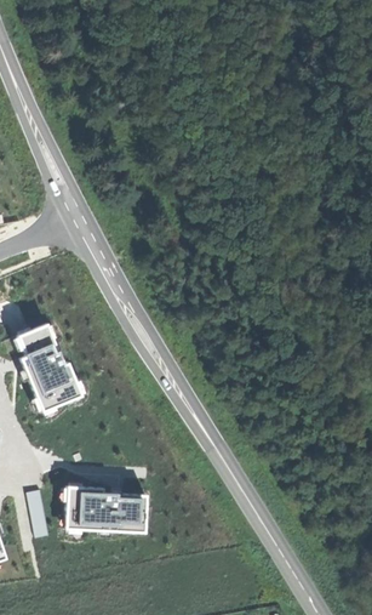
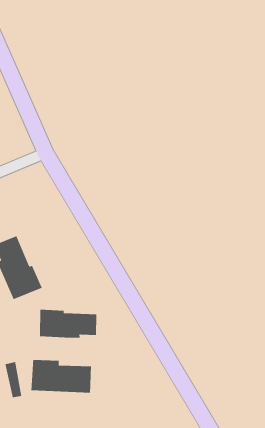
building: none -> [39,309,97,339]

